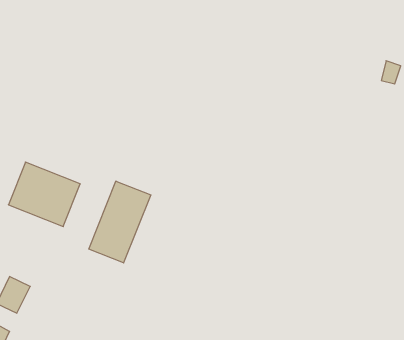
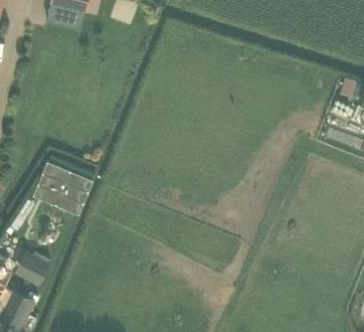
building: [89,181,151,263] -> none

